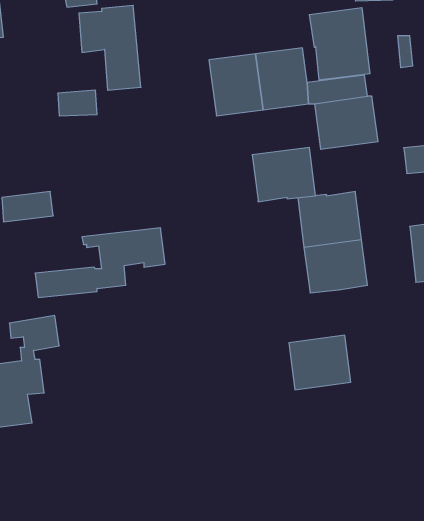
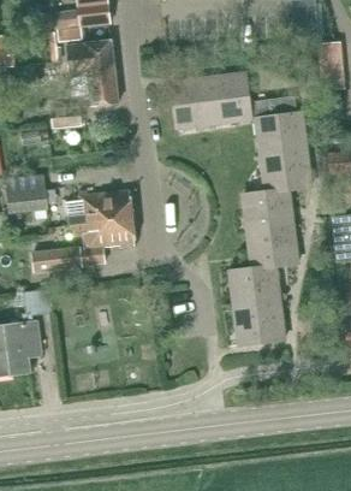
building: [309,8,370,80] -> none
building: [252,147,316,202] -> [260,147,310,190]
building: none -> [66,189,132,223]
building: none -> [230,265,279,307]

